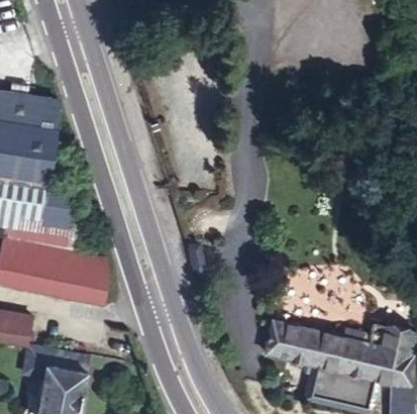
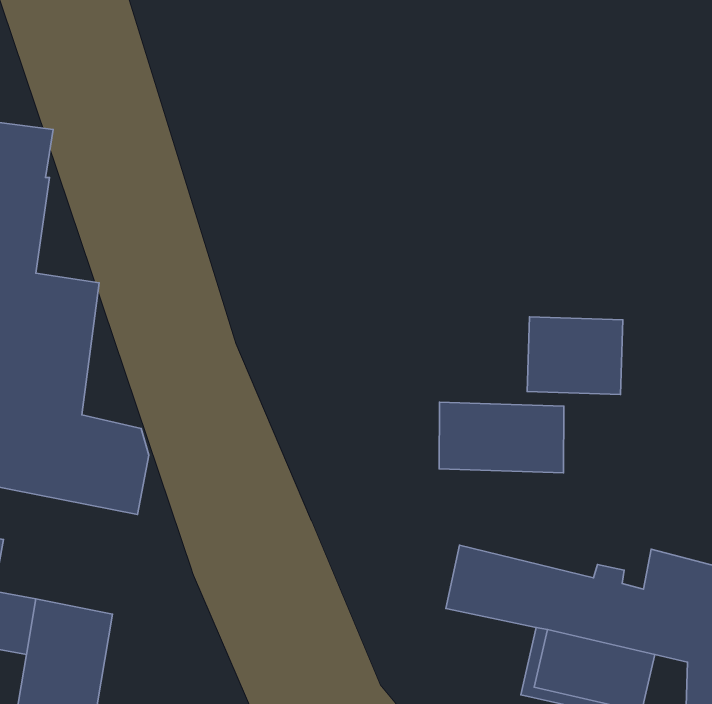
building: none -> [527,317,623,395]
building: none -> [439,402,564,473]

